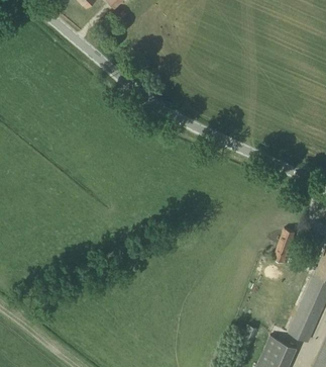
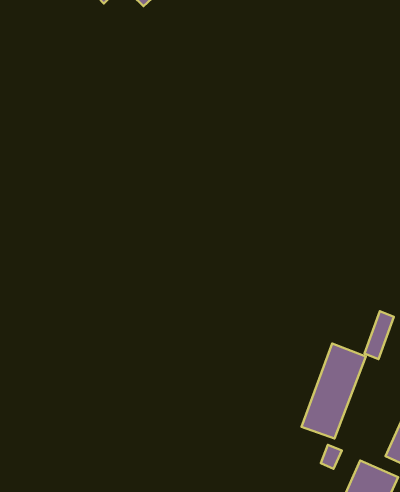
building: none -> [302,344,366,439]

